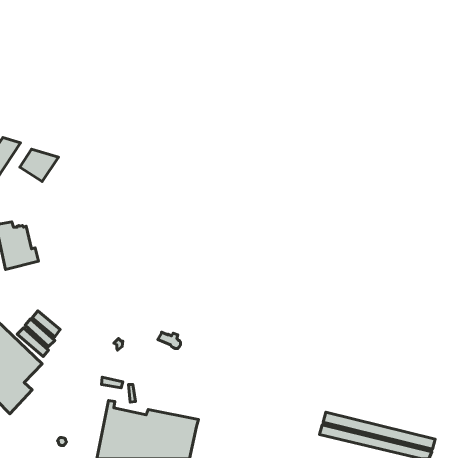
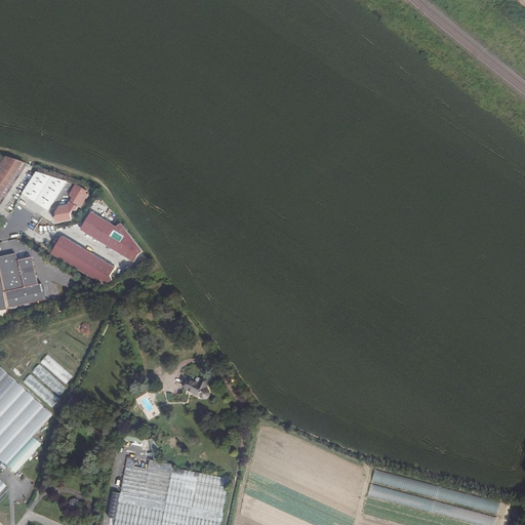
building: none -> [51,186,84,224]
building: none -> [78,209,139,260]
building: none -> [49,233,112,282]

